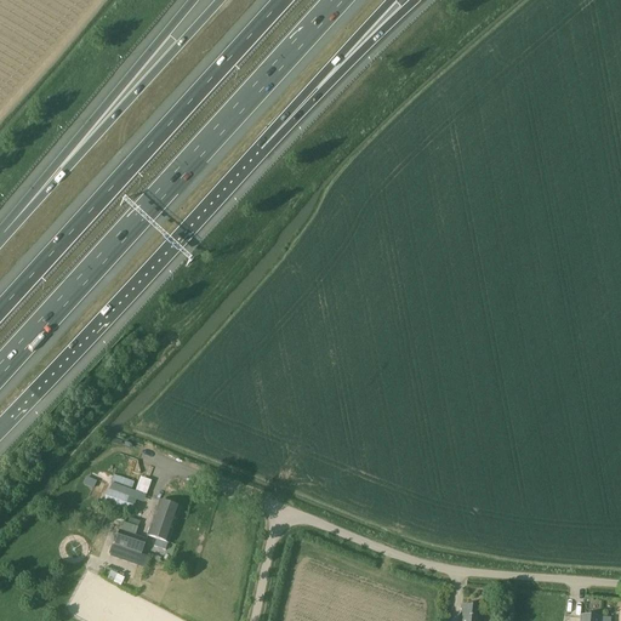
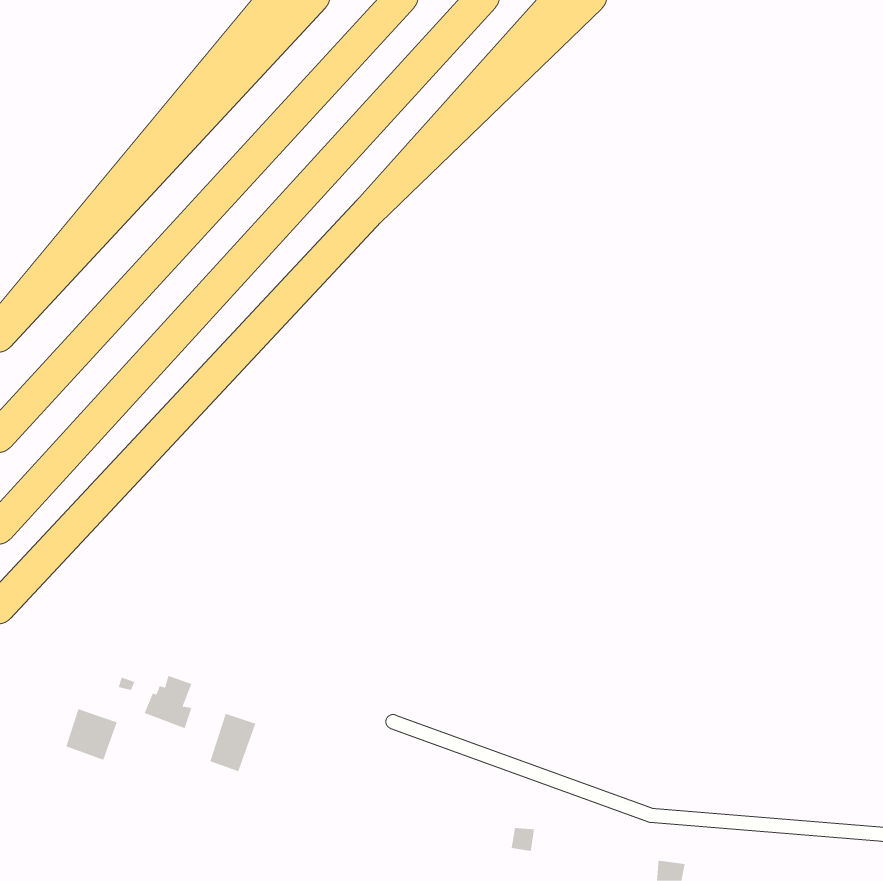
building: [109,528,146,564] -> [66,708,118,760]

